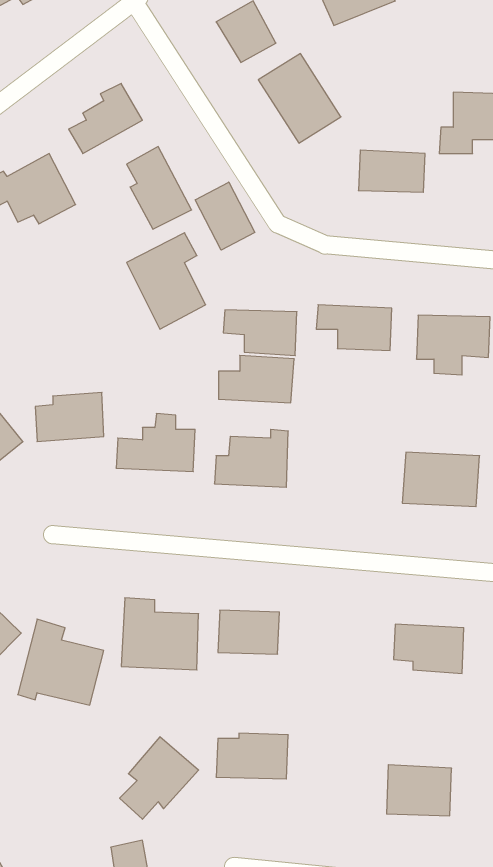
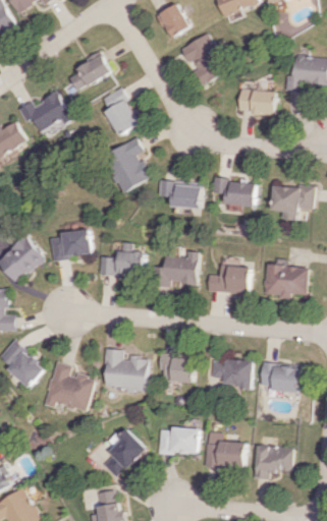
building: [195,182,255,250] -> none
building: [219,355,294,403] -> [207,266,251,293]
building: none -> [209,359,252,388]
building: none -> [205,435,244,469]

